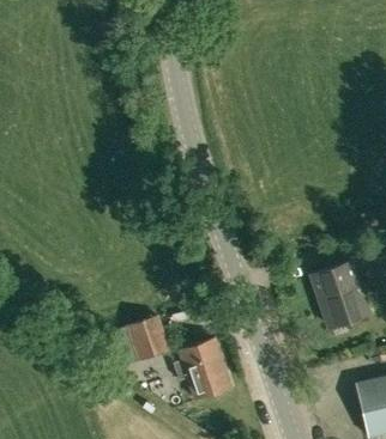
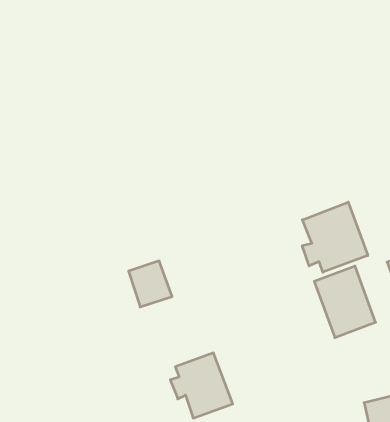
building: none -> [302,202,368,272]
building: [129,318,170,361] -> [129,261,172,307]

